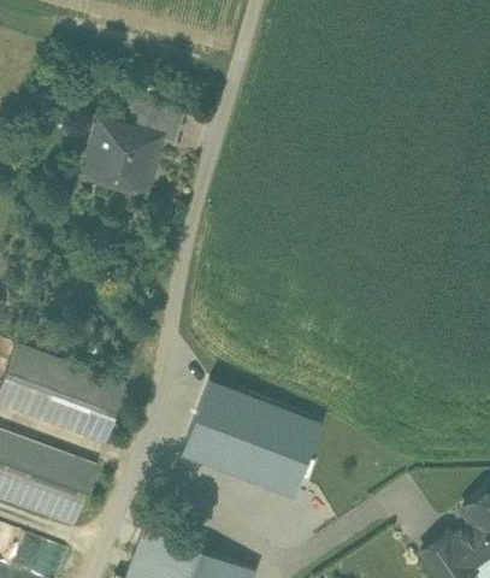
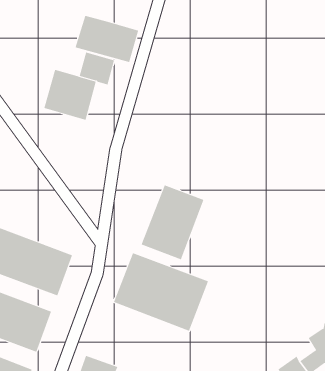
building: none -> [75,15,139,63]
building: none -> [141,184,204,260]

